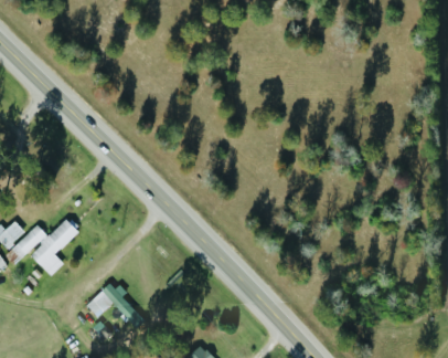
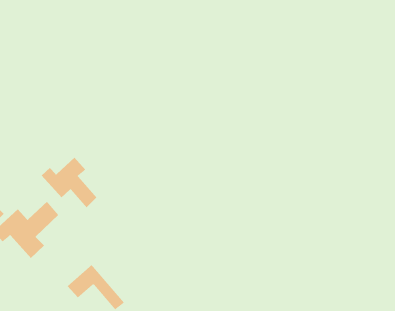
building: none -> [41,157,97,208]

